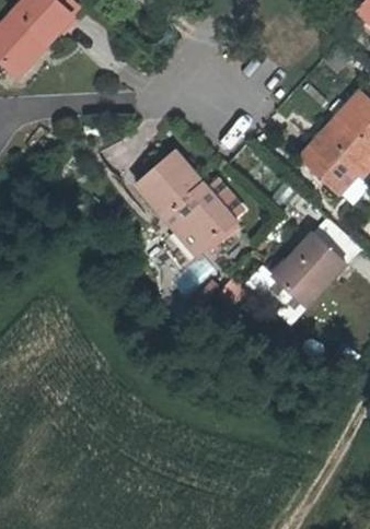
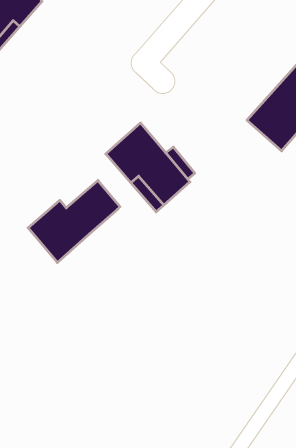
building: none -> [28,180,120,263]
building: [270,228,346,305] -> none

